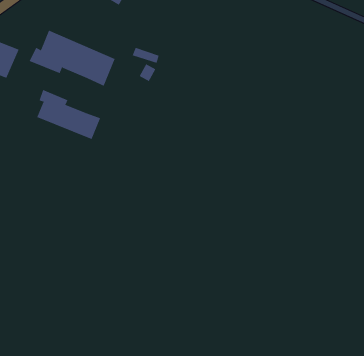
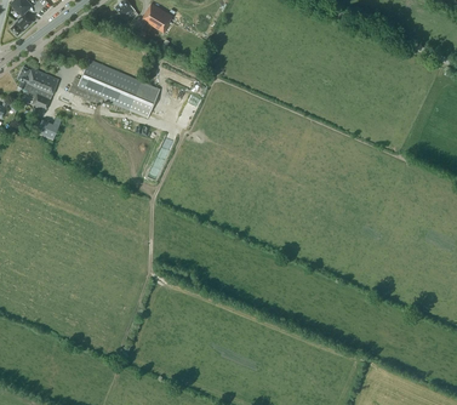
building: [36,89,101,140] -> none

